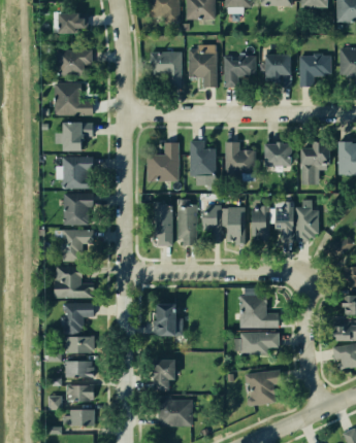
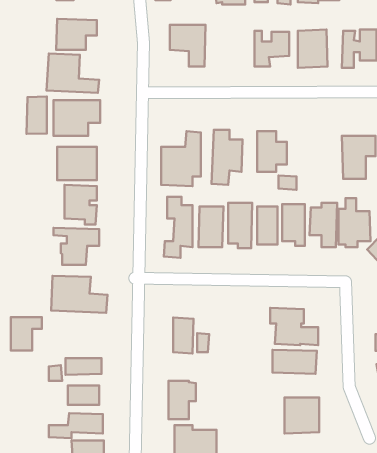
building: [190,46,219,90] -> none
building: none -> [26,96,47,134]
building: [266,147,292,168] -> none
building: [66,306,93,335] -> [11,317,42,350]

